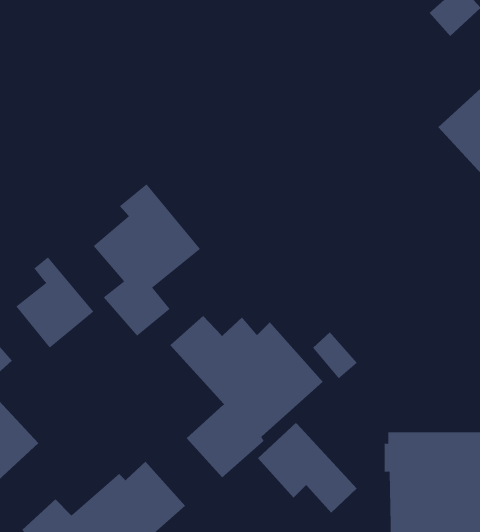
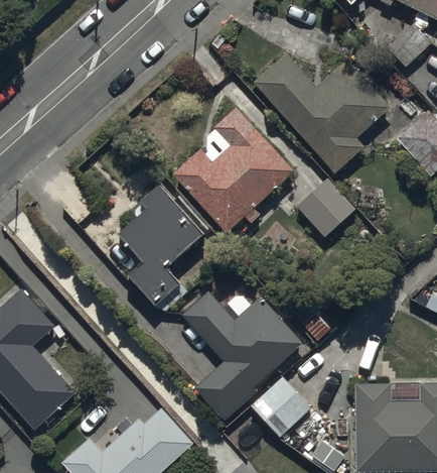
building: none -> [253,53,391,173]
building: none -> [172,107,295,233]
building: none -> [296,178,357,239]
building: [16,256,94,349] -> none

